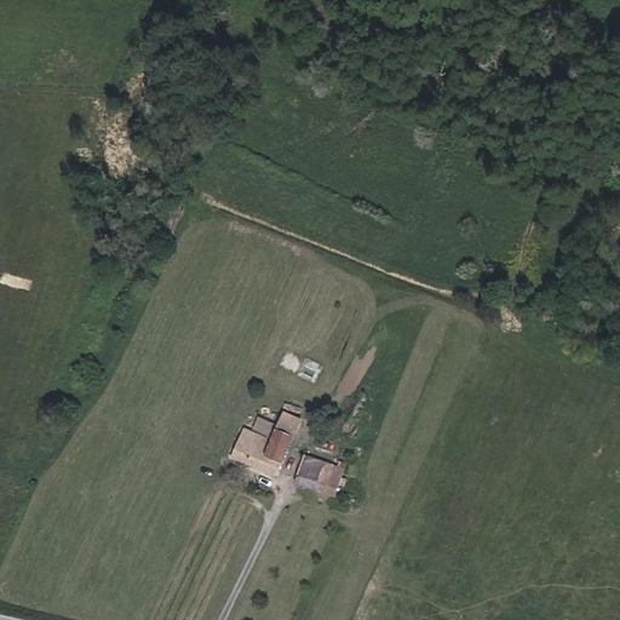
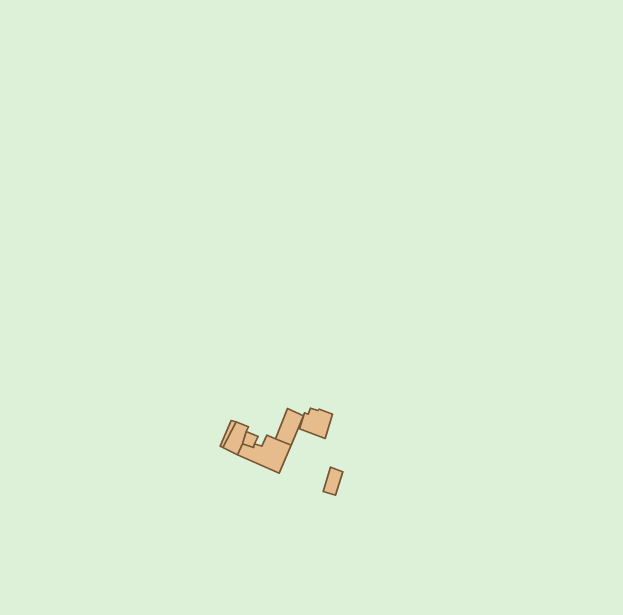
building: [297,457,329,487] -> [300,408,333,439]

